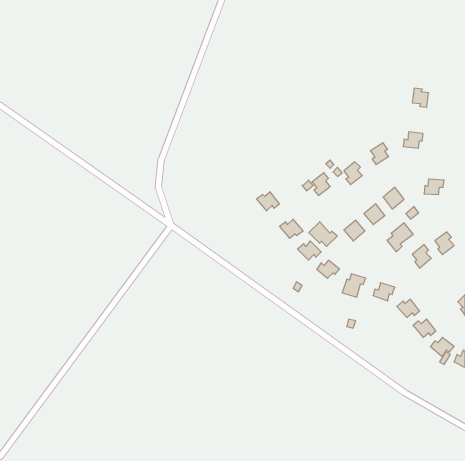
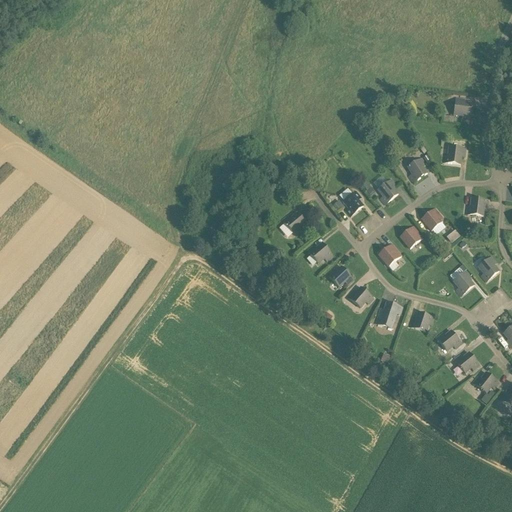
building: [309,222,337,246] -> none
building: [387,223,413,252] -> none

